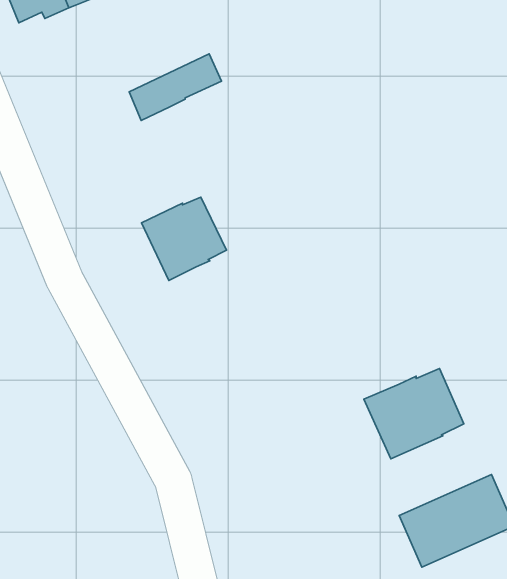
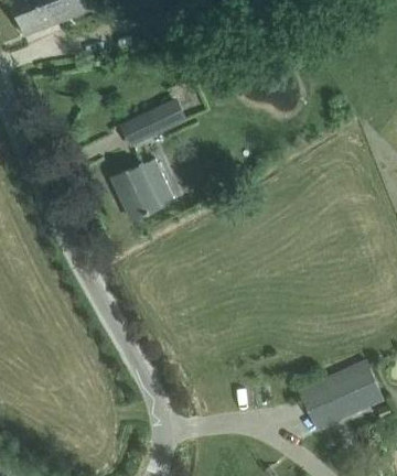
building: [129,54,221,121] -> [121,98,189,147]
building: [364,368,464,459] -> none

